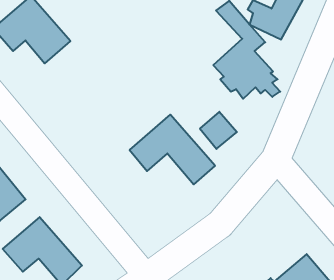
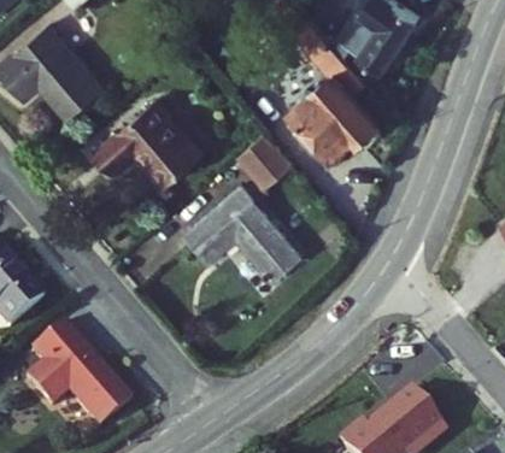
building: none -> [87,104,199,193]
building: [200,112,237,149] -> [231,135,282,186]

